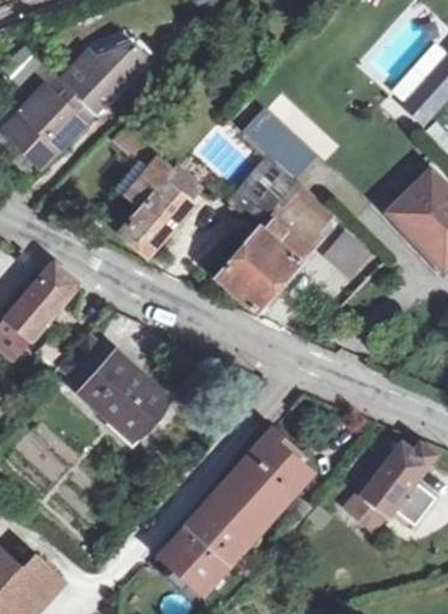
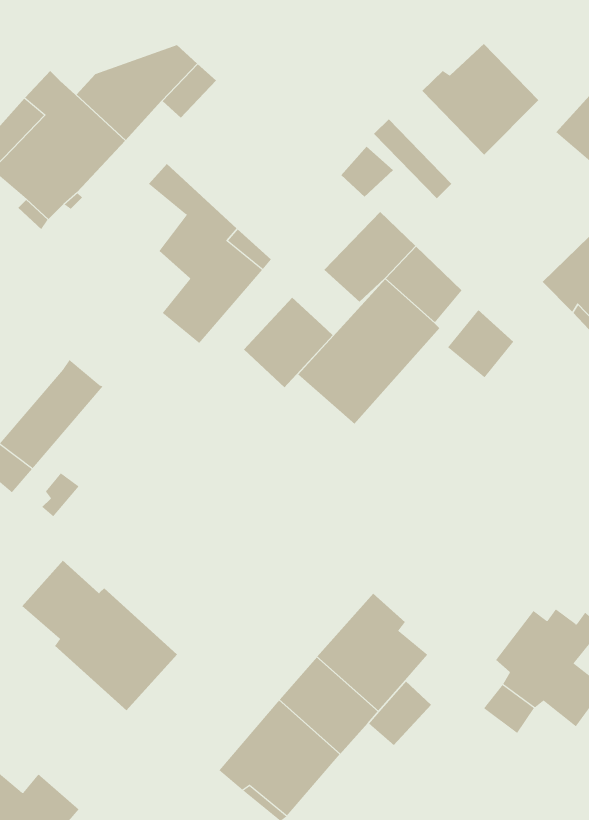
building: none -> [422,43,539,156]
building: none -> [243,297,333,388]
building: [57,334,168,440] -> [22,560,178,711]

